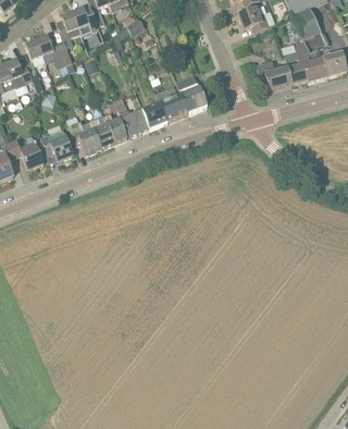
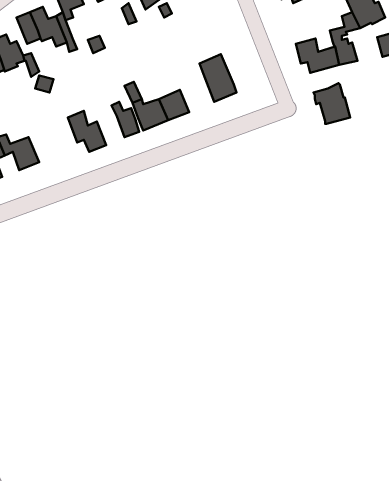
building: [297,47,327,81] -> [313,83,350,124]
building: [160,89,188,121] -> none
building: [89,115,114,148] -> none
building: [39,128,72,160] -> none

